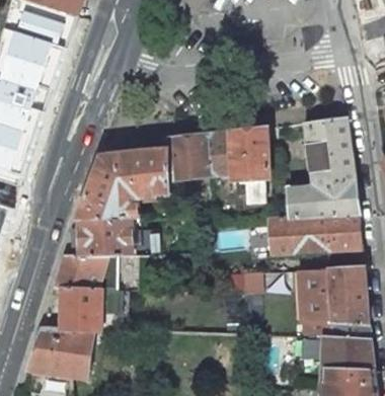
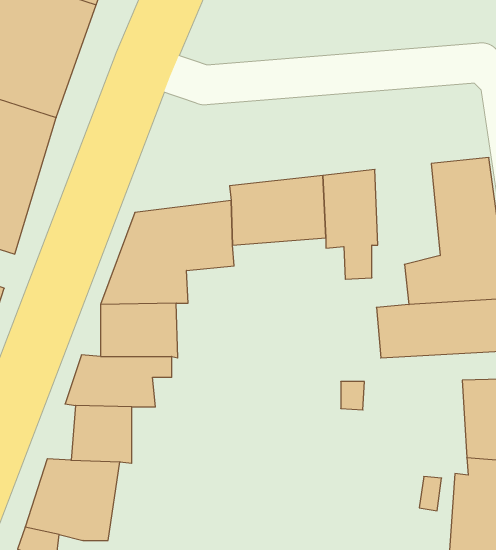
building: [297,270,331,335] -> none

